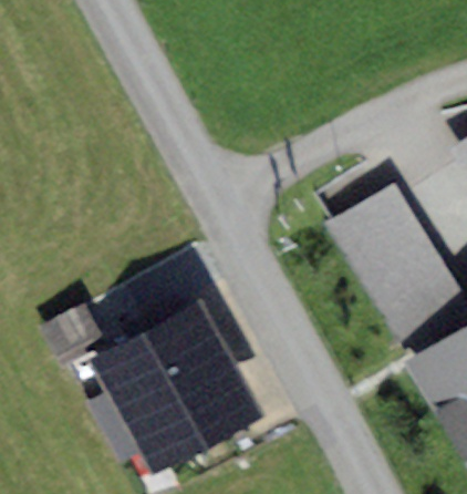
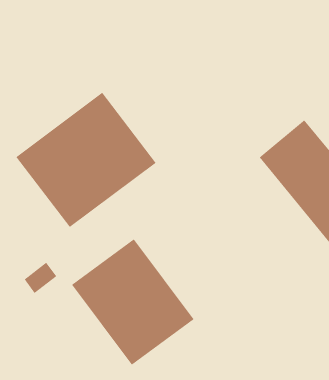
building: none -> [15,92,156,228]

